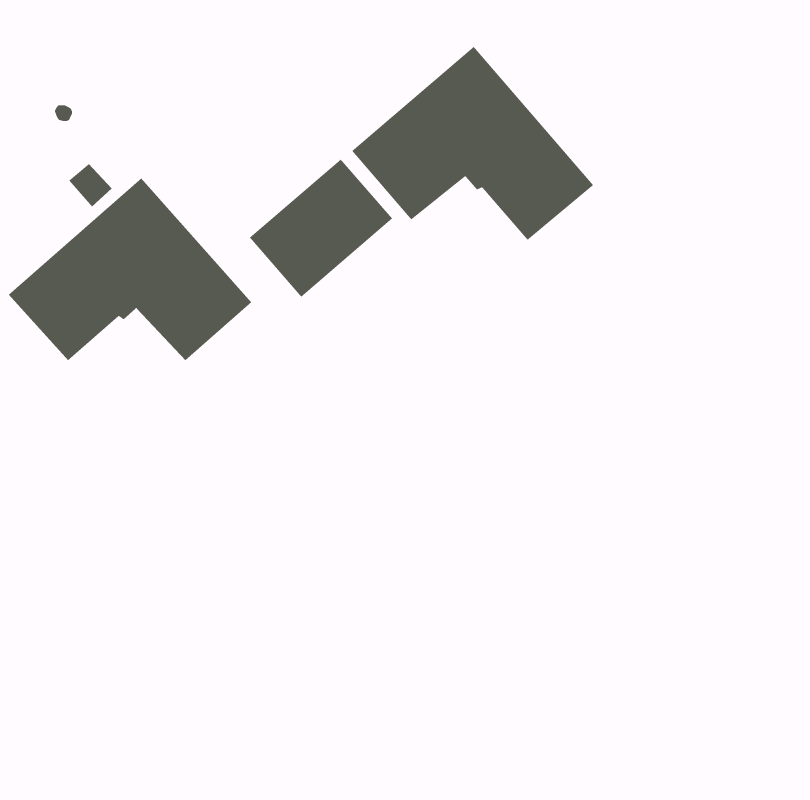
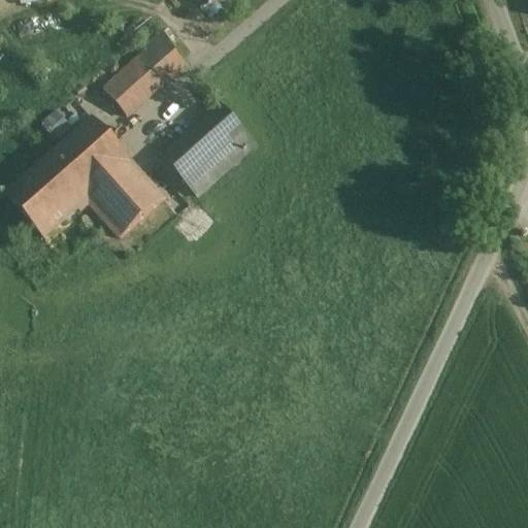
building: [351,46,594,241] -> none
building: none -> [103,35,185,113]

